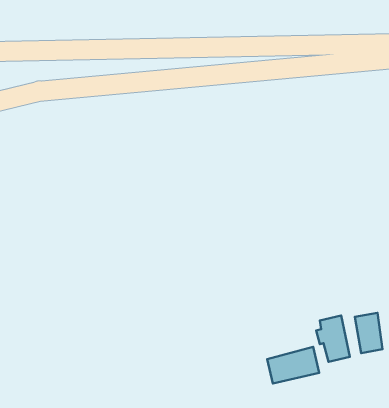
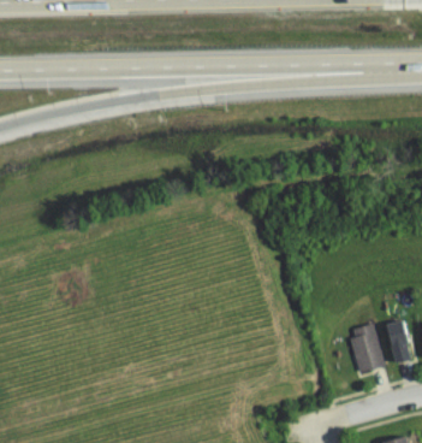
building: [267,347,319,384] -> none

